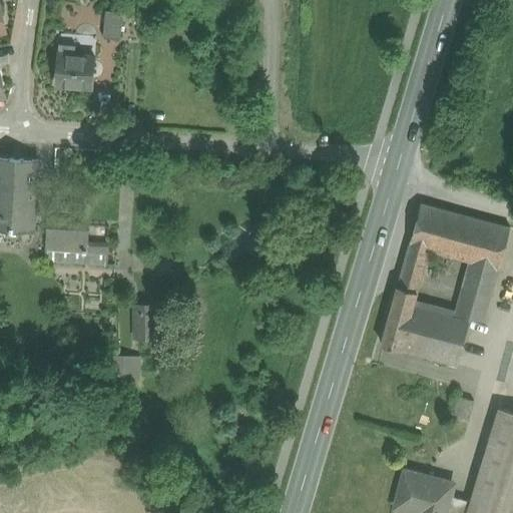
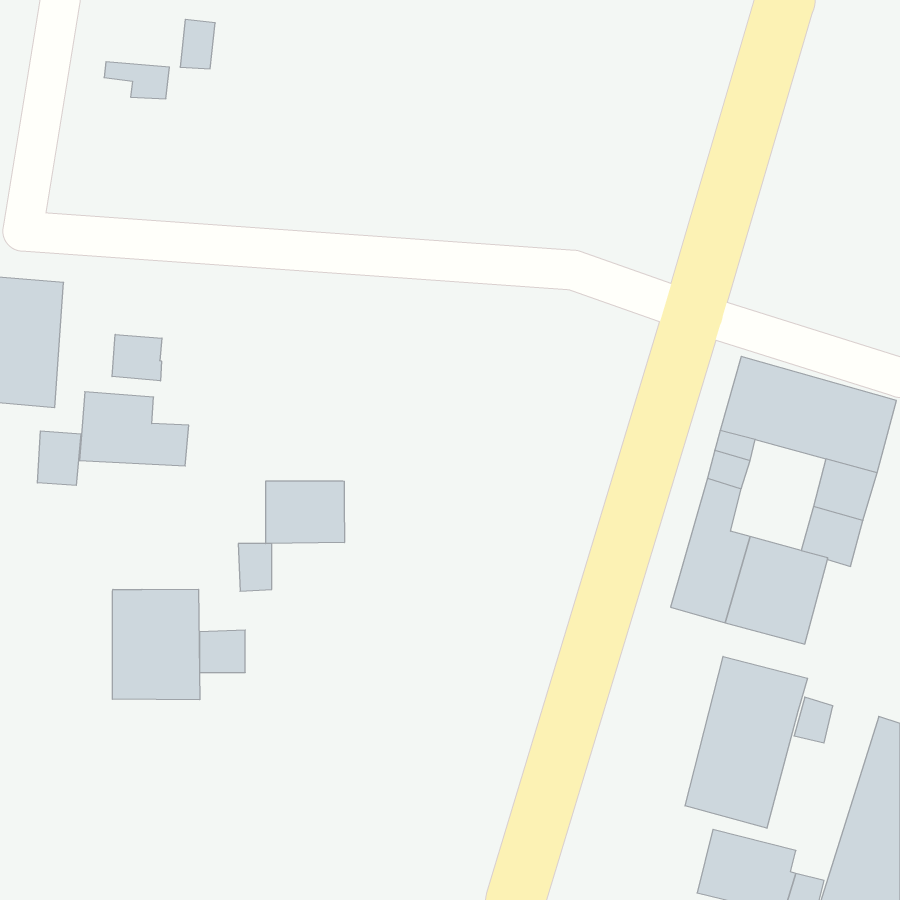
building: [56,45,94,88] -> none
building: none -> [112,334,162,381]
building: none -> [37,431,81,485]
building: none -> [266,481,344,544]
building: none -> [112,589,200,700]
building: none -> [685,656,808,828]

